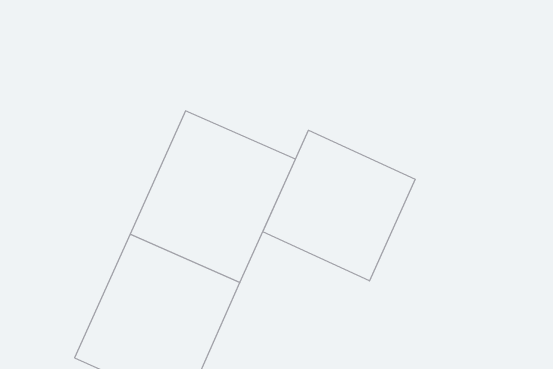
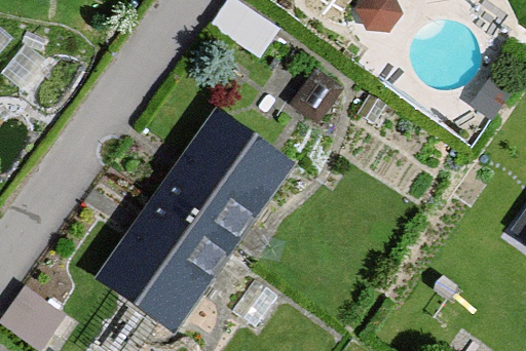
building: [263,130,415,281] -> none

